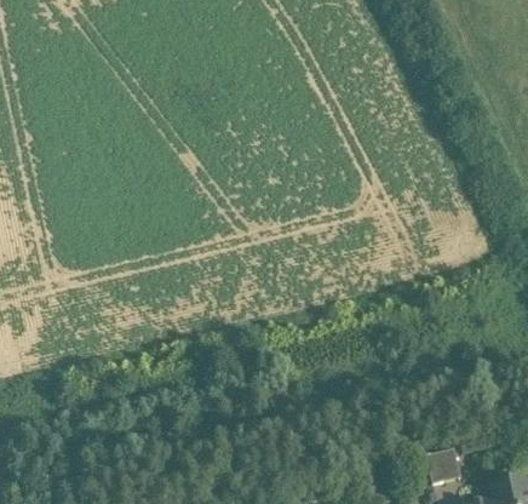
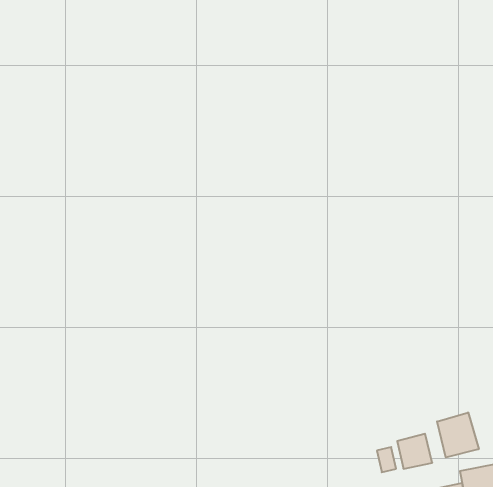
building: none -> [437,412,479,457]

